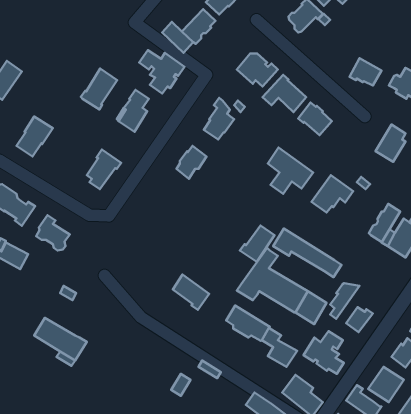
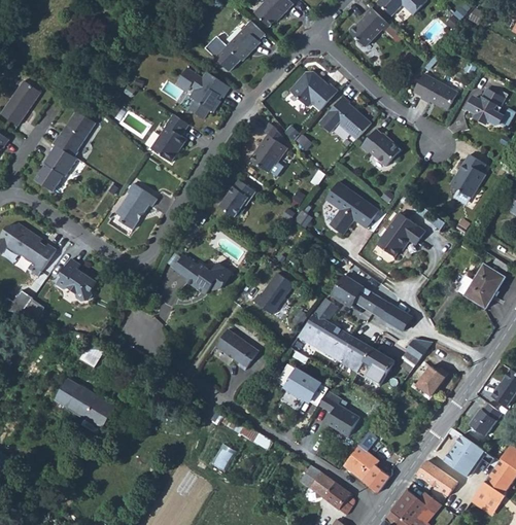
building: [81,69,117,109] -> [53,110,95,157]
building: [369,204,400,242] -> none
building: none -> [173,255,231,294]
building: [240,226,275,262] -> [252,273,293,315]
building: [303,331,344,374] -> none

